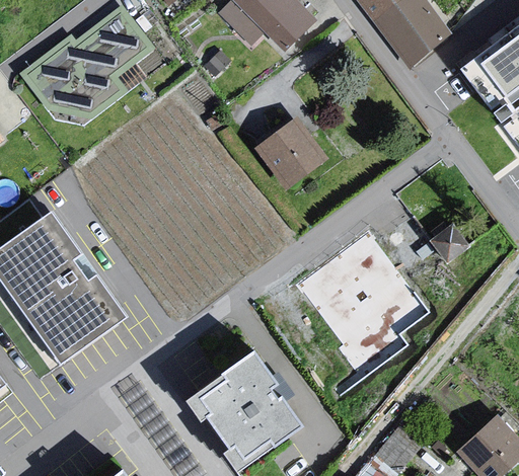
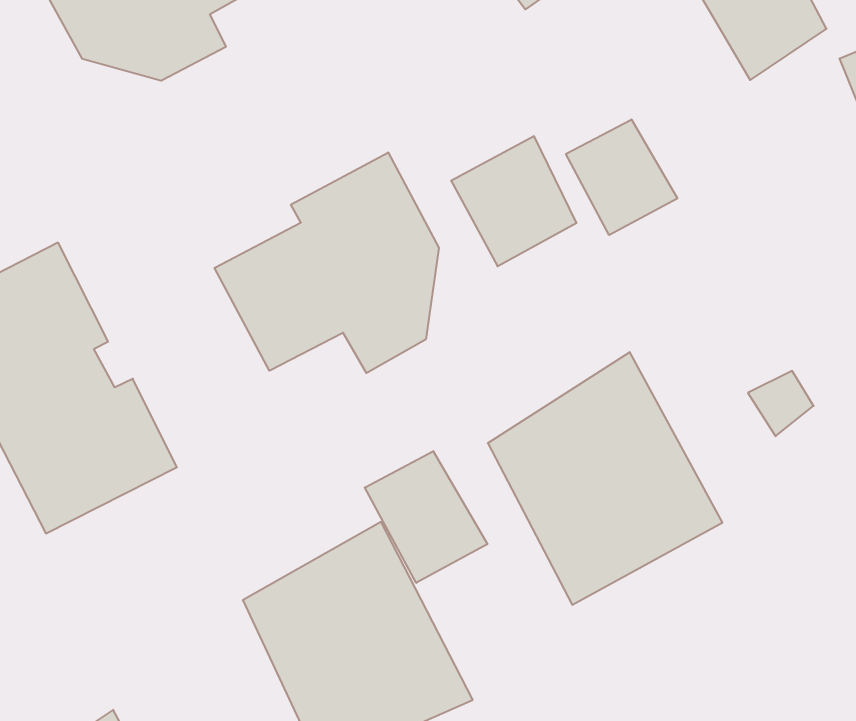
building: none -> [566,119,677,235]
building: none -> [214,152,439,373]
building: none -> [365,451,487,583]

